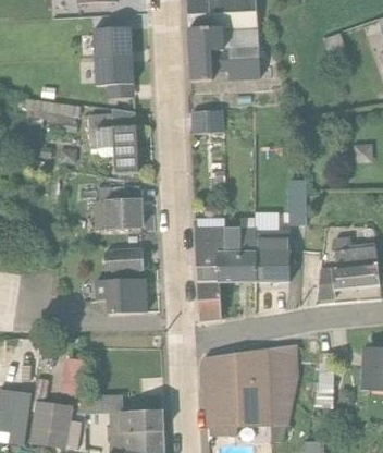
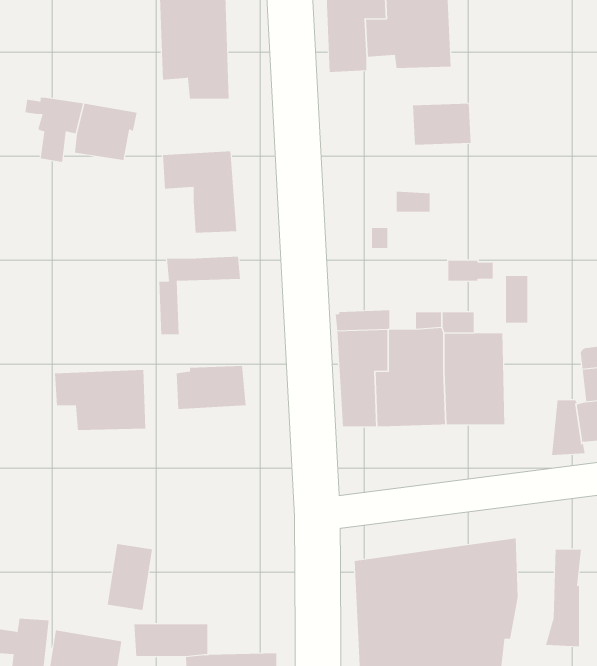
building: [87,107,135,156] -> none
building: [190,109,224,133] -> [412,103,472,145]
building: [104,198,144,230] -> none
building: [95,279,147,314] -> [54,369,146,431]
building: [198,282,221,319] -> none

